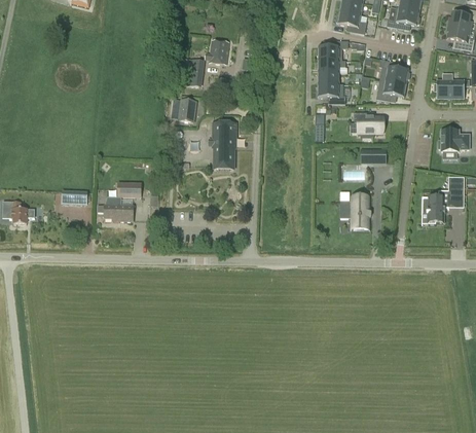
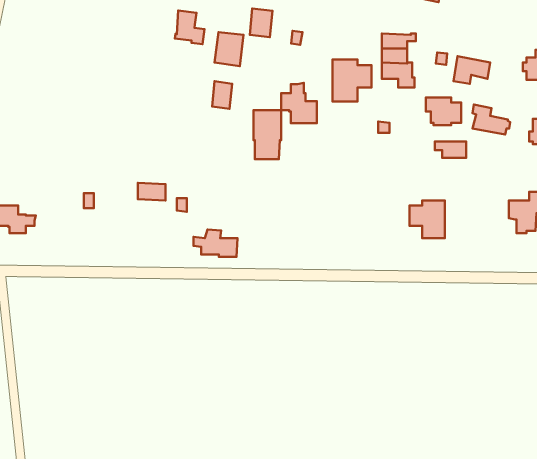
building: [317,40,347,61] -> none
building: none -> [175,11,204,44]
building: [379,59,410,83] -> [473,104,510,135]
building: none -> [332,60,371,102]
building: none -> [281,83,317,123]
building: [98,197,134,220] -> [194,229,238,257]

